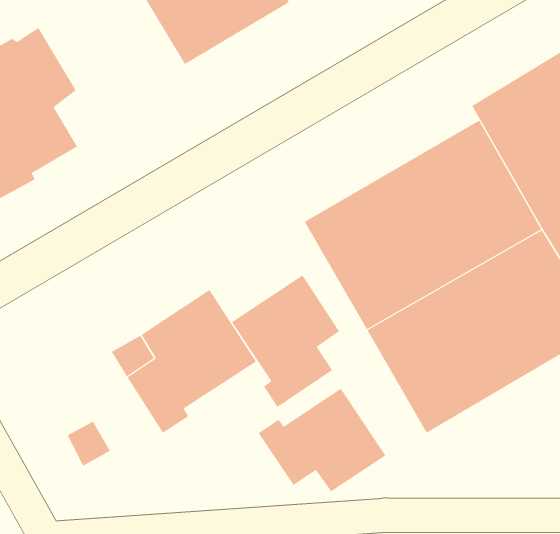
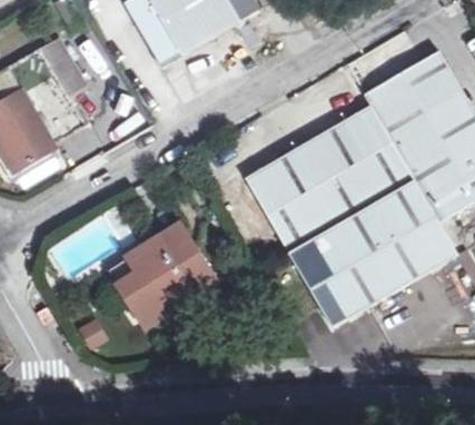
building: [231,275,340,408] -> none
building: [258,388,386,492] -> none

